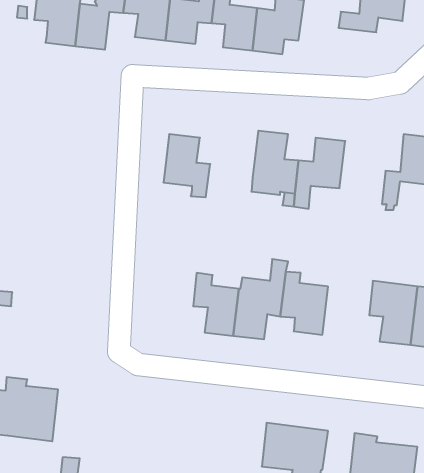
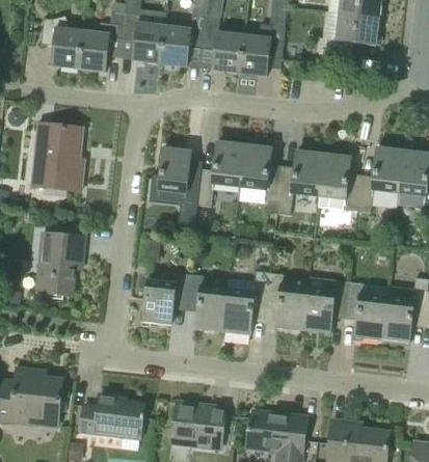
building: none -> [31,123,82,196]
building: none -> [196,141,244,207]
building: none -> [317,154,359,215]
building: none -> [33,233,84,298]
building: none -> [143,270,188,324]
building: none -> [302,276,348,332]
building: none -> [81,393,144,450]
building: none -> [171,401,225,450]

